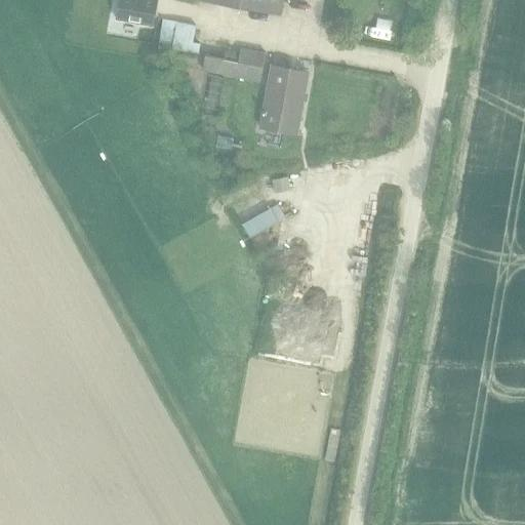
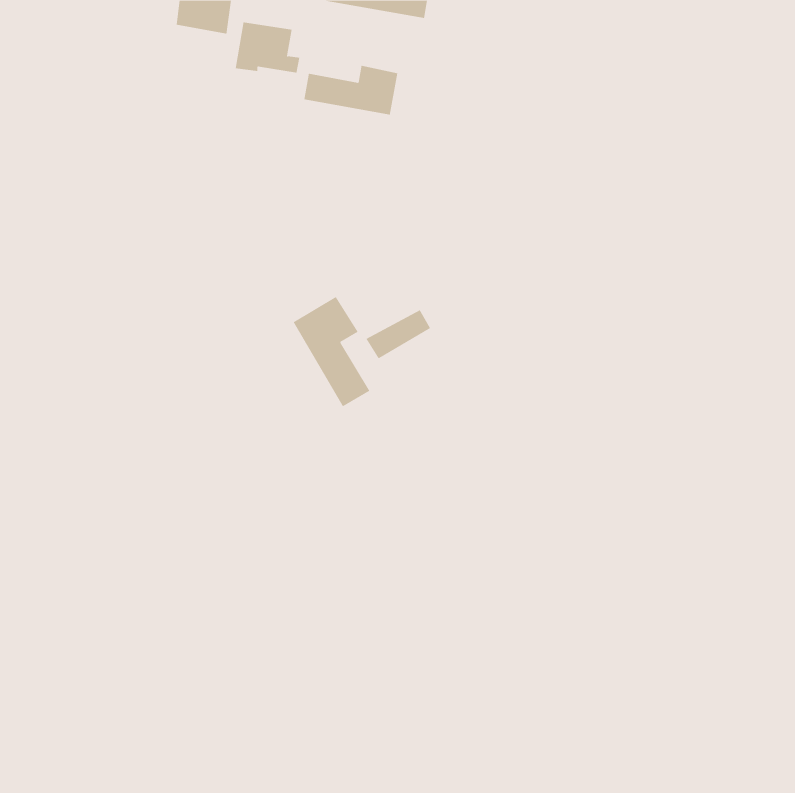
building: [259,67,308,133] -> none
building: none -> [293,296,370,407]

